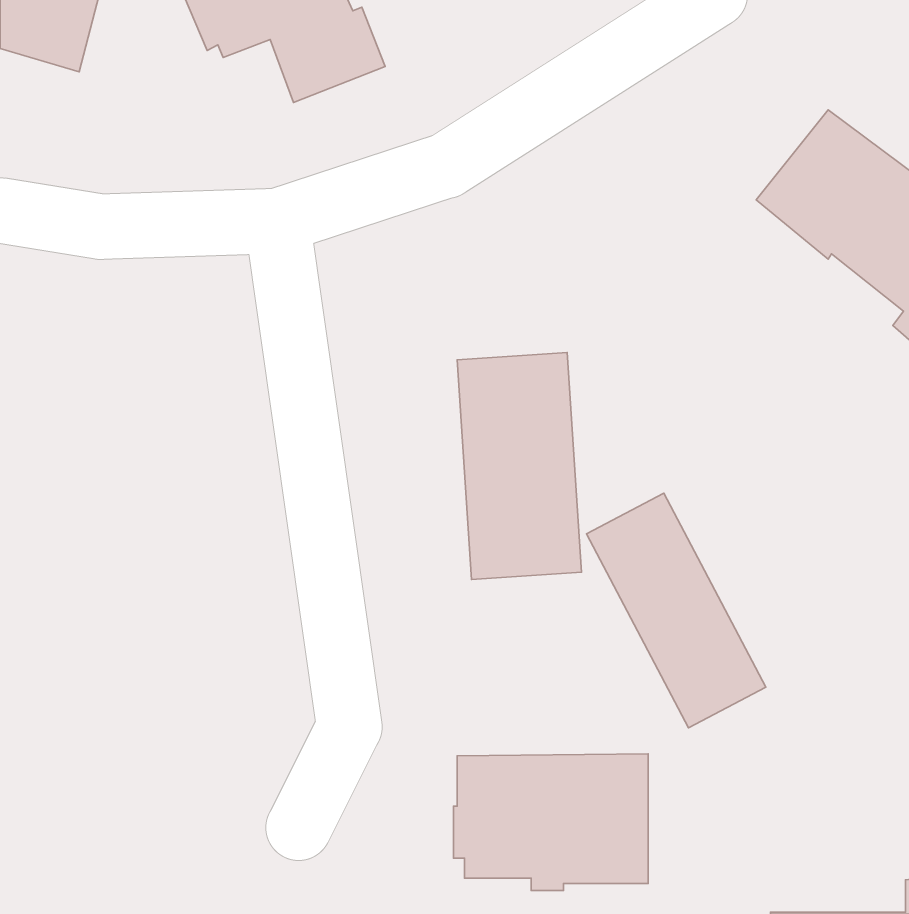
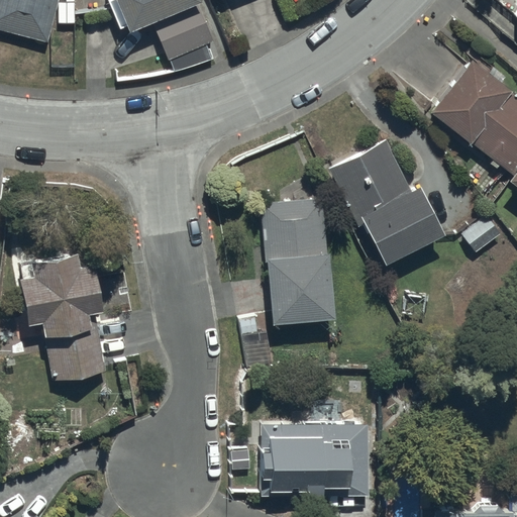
building: none -> [331,138,443,267]
building: none -> [21,254,109,384]
building: [586,493,766,728] -> none

